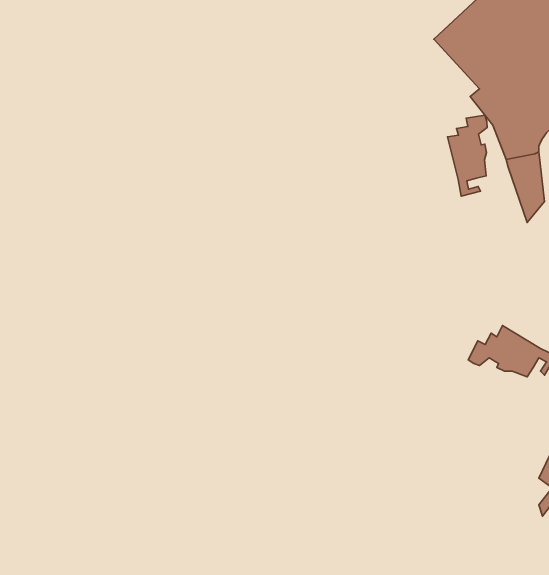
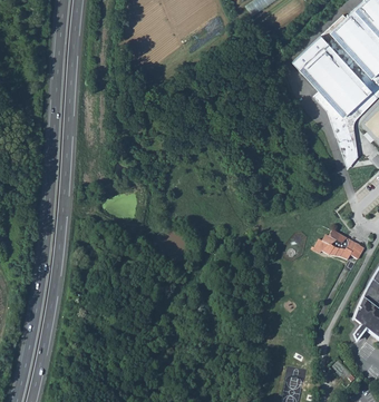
building: [447,115,487,196] -> none

